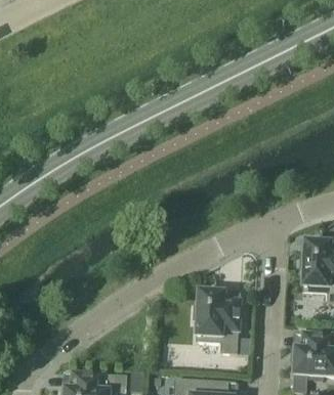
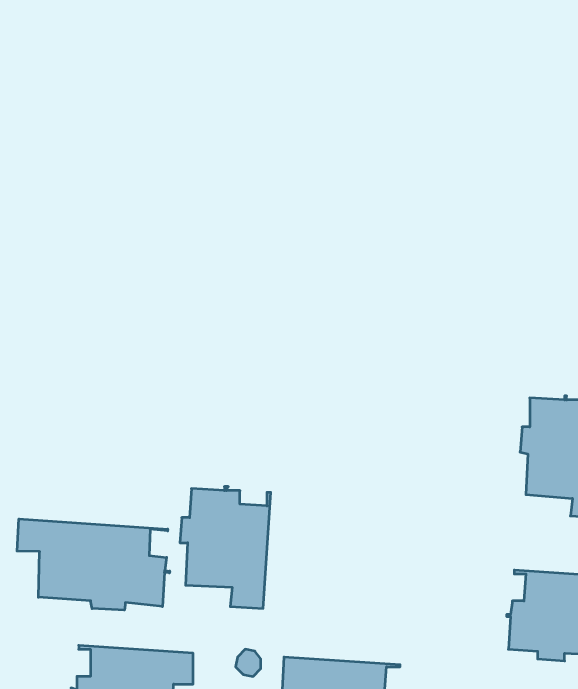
building: [193,290,241,354] -> [180,487,271,608]
building: none -> [17,519,170,610]

